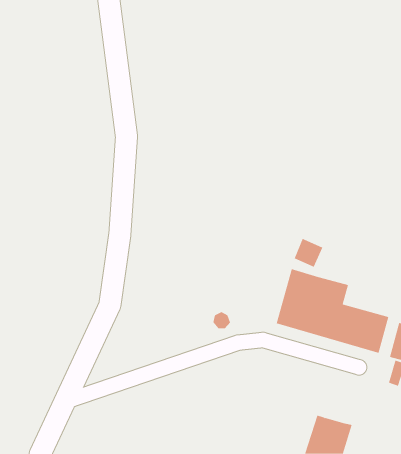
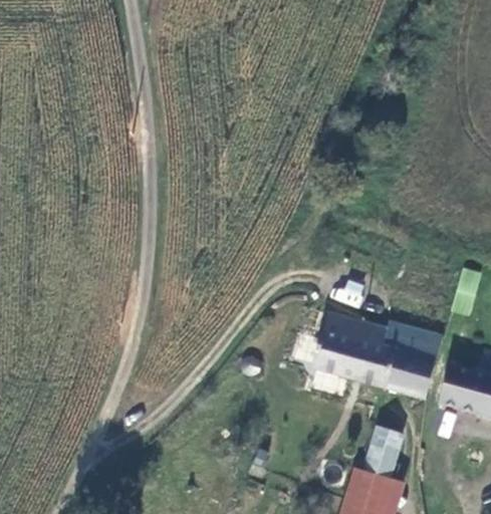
building: none -> [387,319,445,361]
building: none -> [366,429,401,478]

